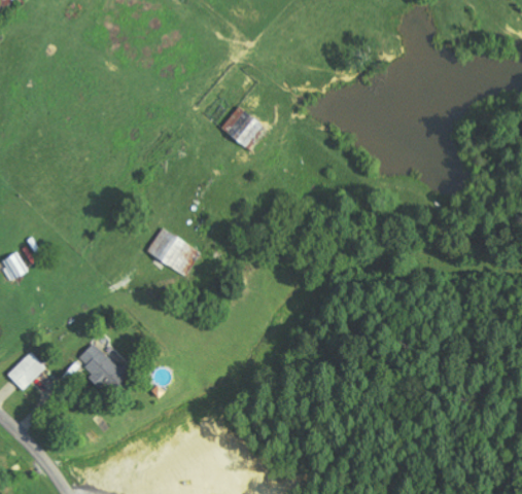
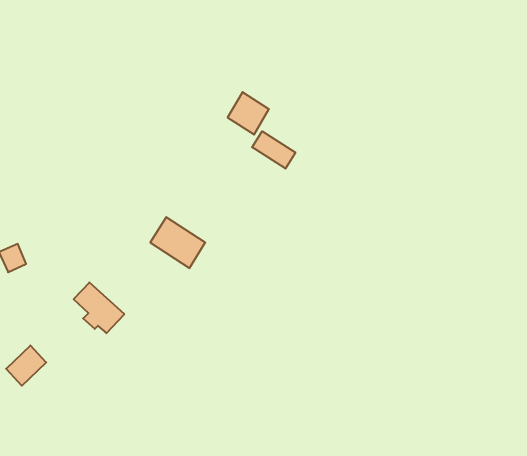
building: none -> [252,131,295,169]
building: [77,342,127,391] -> [74,282,124,333]

